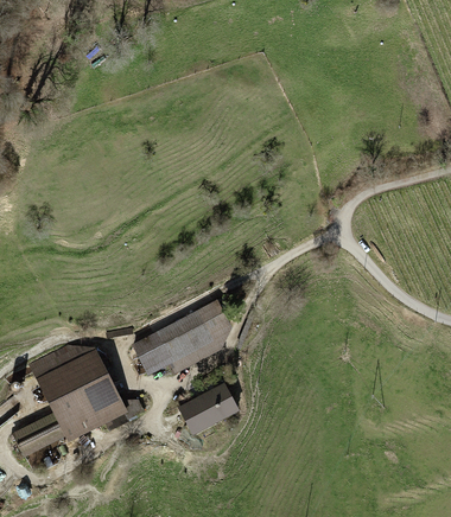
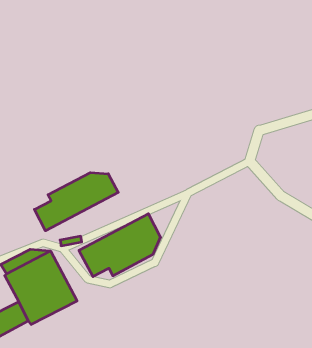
building: none -> [34,173,118,231]
building: [178,384,239,436] -> none

